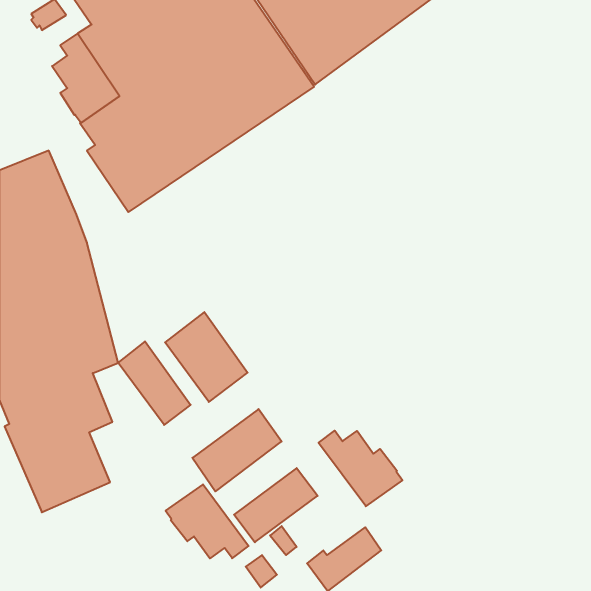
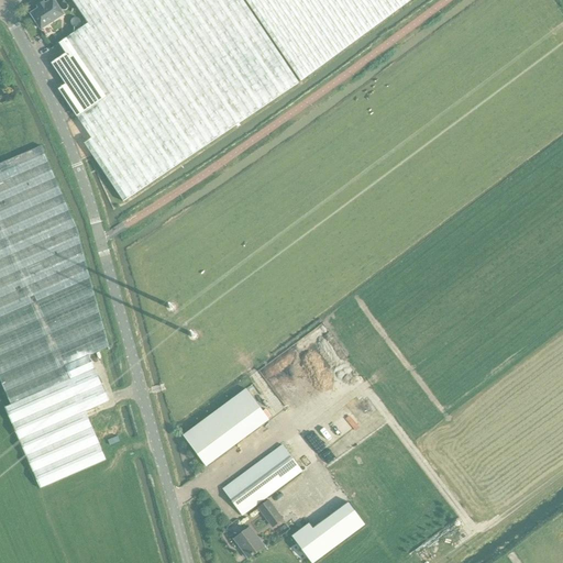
building: [165,312,248,402] -> none
building: [118,341,191,425] -> none
building: [319,431,402,506] -> none
building: [166,484,249,558] -> none

